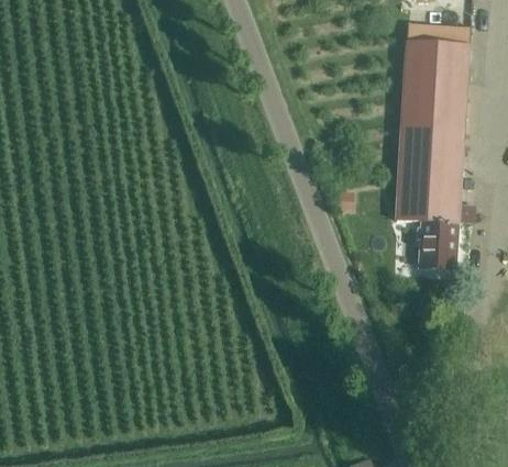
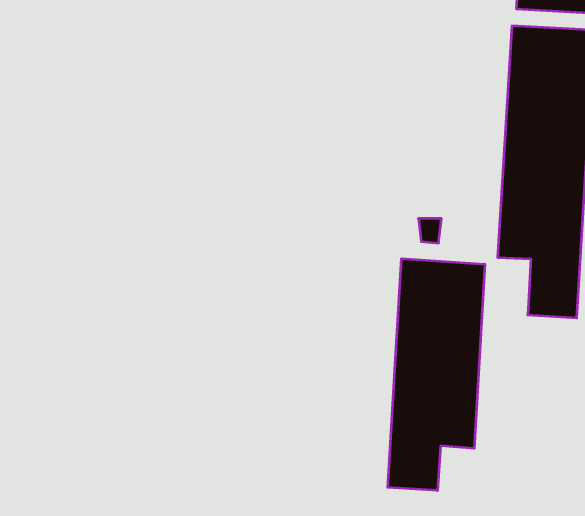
building: none -> [388,259,485,491]

